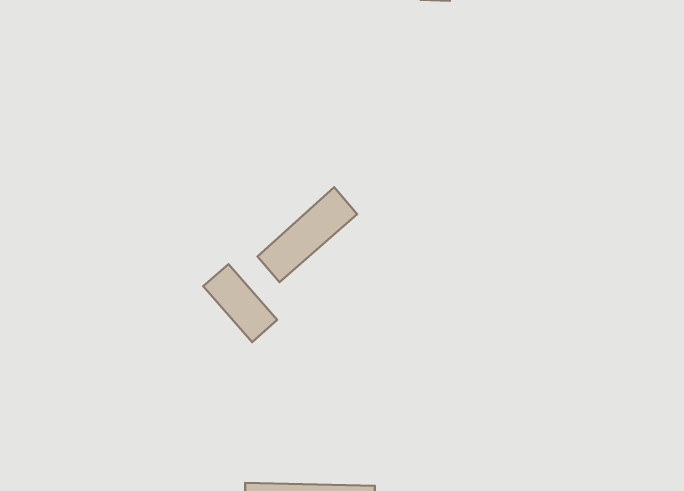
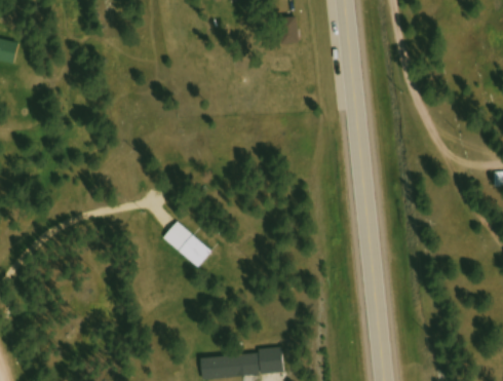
building: [258,187,357,282] -> none

